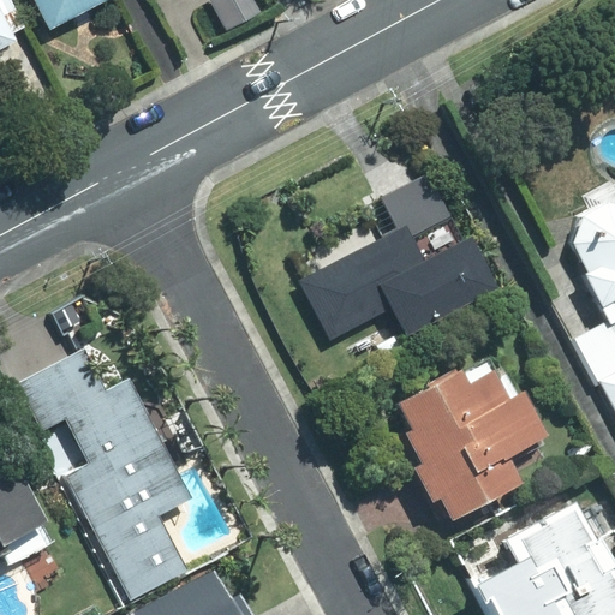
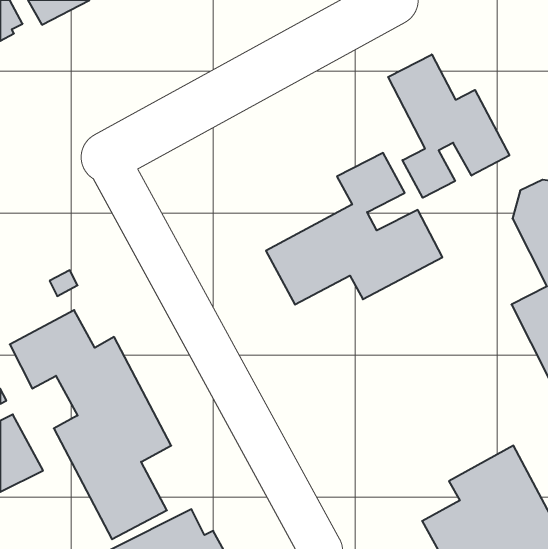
building: none -> [388,54,509,198]
building: [394,368,547,525] -> none

